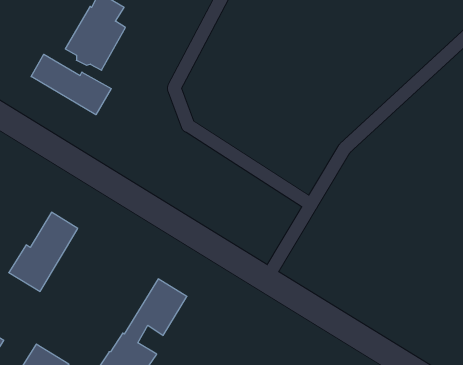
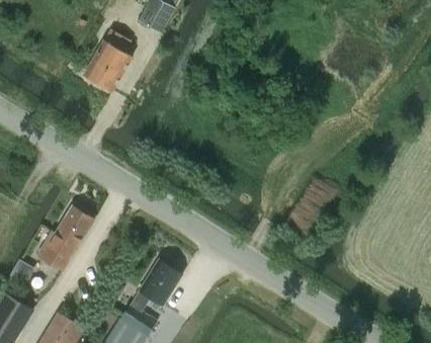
building: [31,54,111,115] -> none

